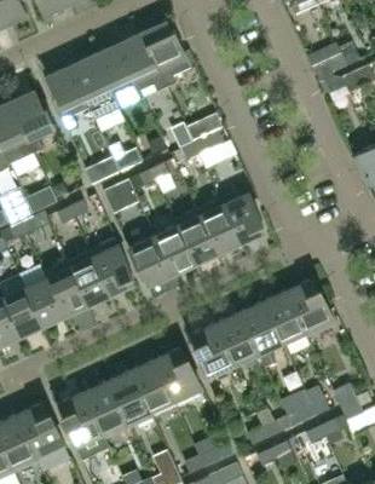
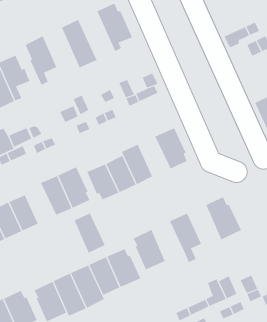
building: [117,33,166,92] -> none
building: [70,54,119,120] -> none
building: [197,200,240,253] -> none
building: [45,261,87,316] -> [74,212,106,253]
building: [262,290,307,342] -> none
building: [215,312,258,365] -> none

